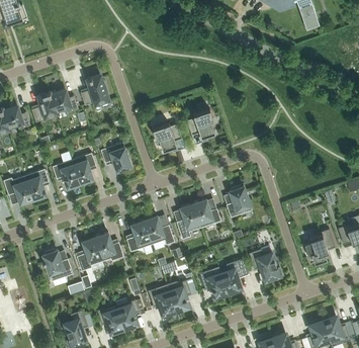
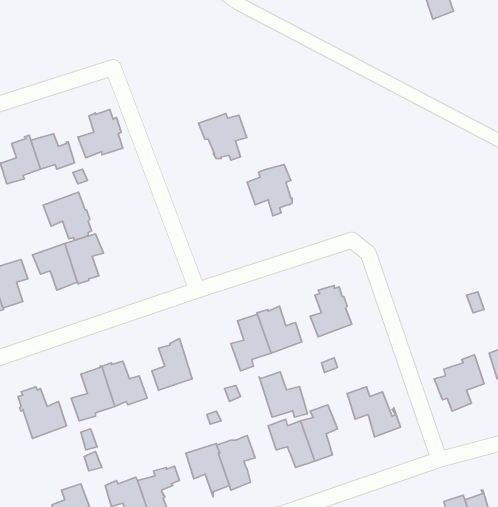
building: [152,122,182,152] -> [199,113,247,160]
building: [100,142,130,172] -> [43,192,91,241]
building: [144,215,174,244] -> [259,372,308,417]

